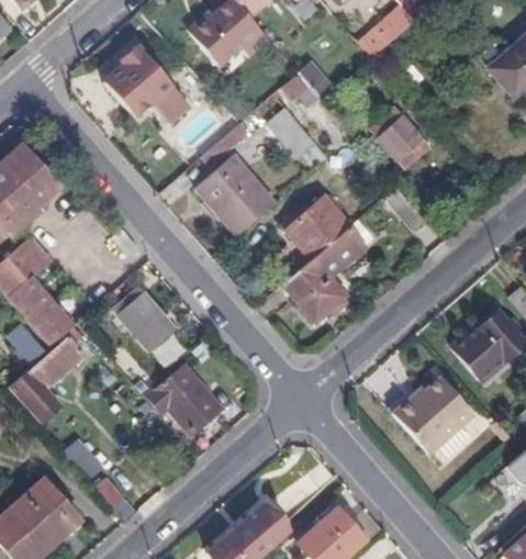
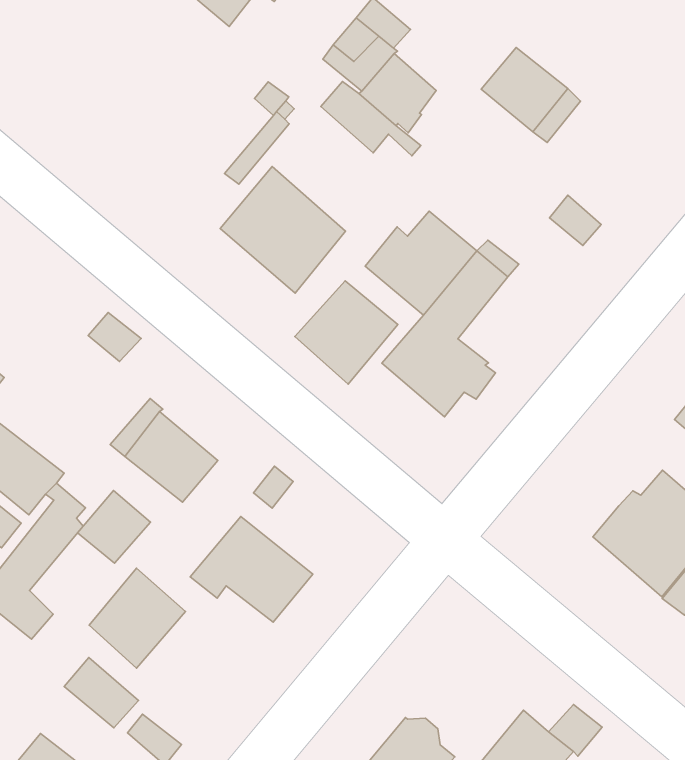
building: [102,45,189,123] -> none
building: none -> [295,281,398,384]
building: none -> [78,490,150,563]
building: none -> [89,568,186,668]

